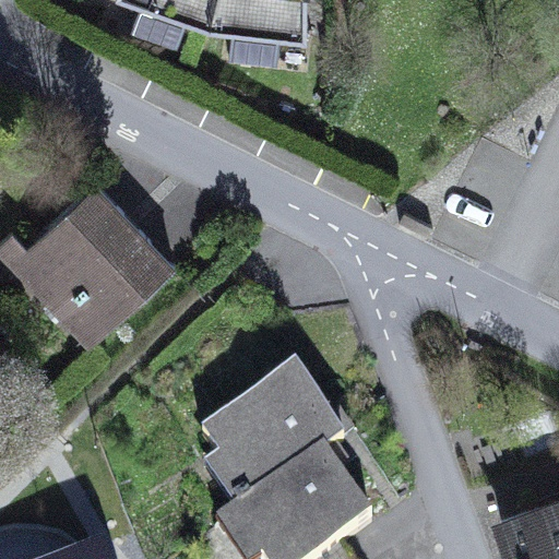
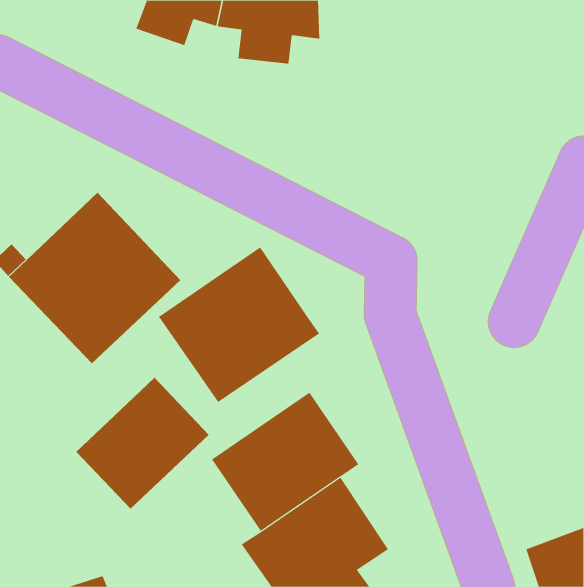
building: none -> [158,246,320,403]
building: none -> [76,377,209,510]

